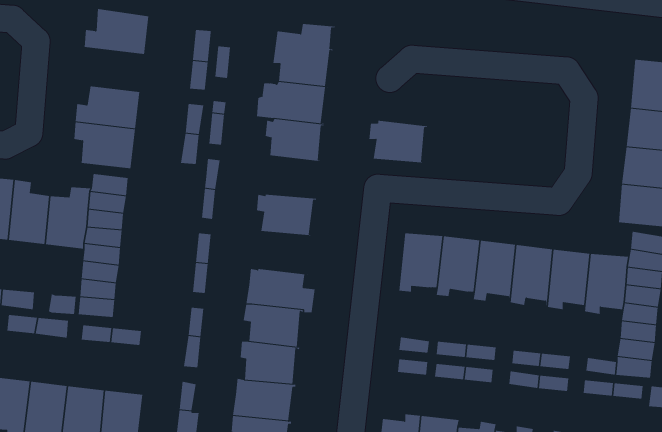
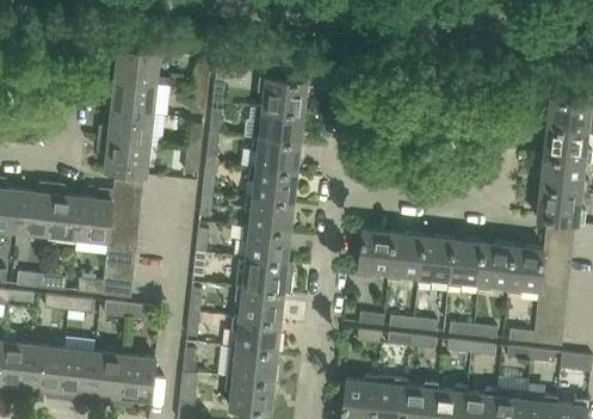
building: none -> [104,80,155,116]
building: [369,120,428,163] -> [248,167,296,202]
building: none -> [241,228,290,263]

